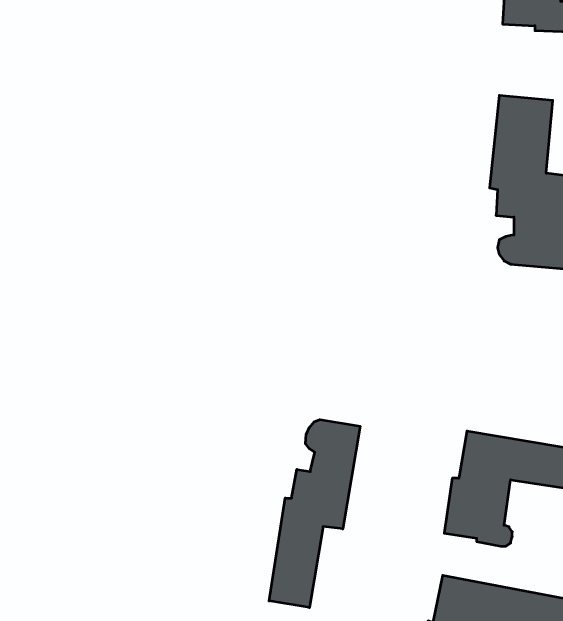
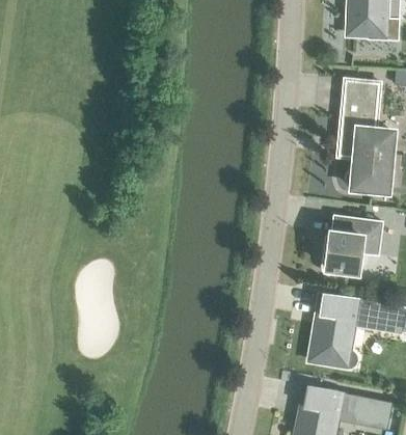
building: none -> [321,217,380,273]
building: [269,420,360,608] -> none

